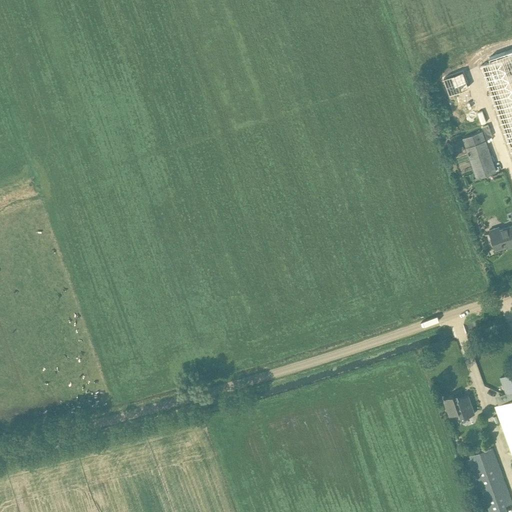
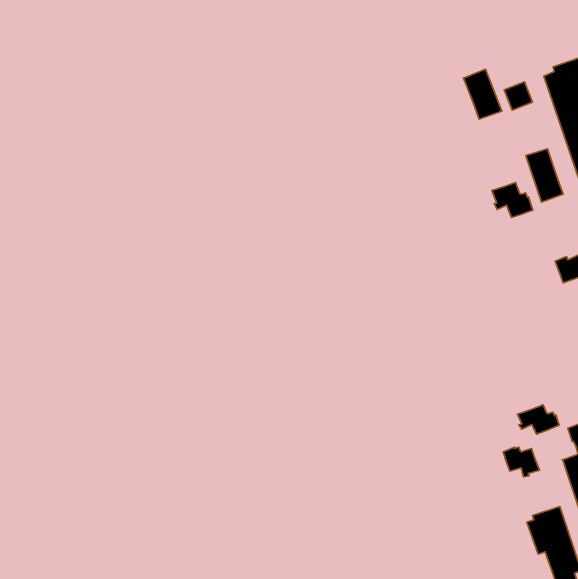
building: none -> [464,69,502,119]
building: none -> [492,182,533,218]
building: none -> [517,405,559,434]

